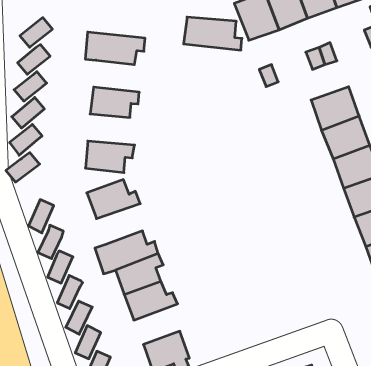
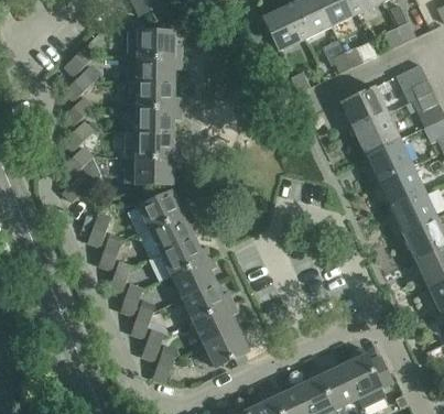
building: [184,17,242,50] -> [127,31,181,57]
building: none -> [137,81,181,108]
building: none -> [124,132,180,157]
building: none -> [150,211,194,252]
building: none -> [193,302,237,342]

